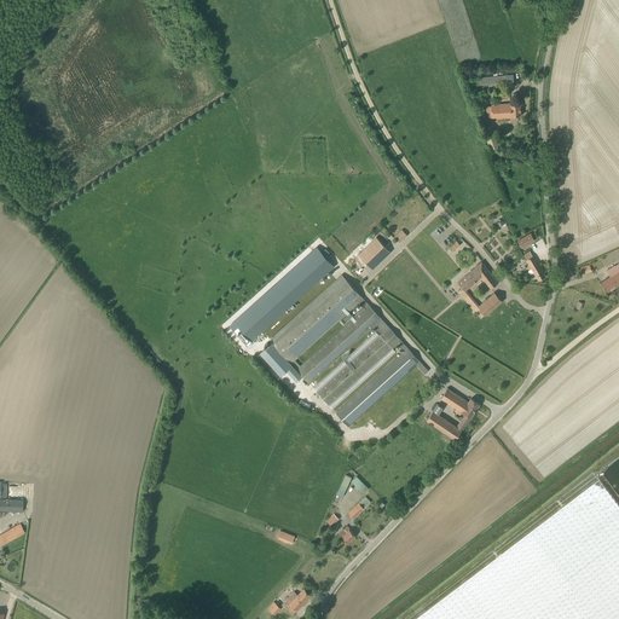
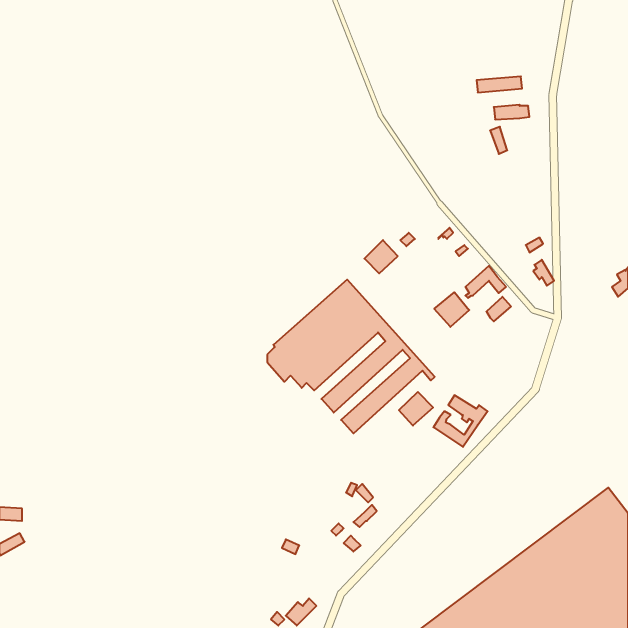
building: [235,250,334,341] -> none
building: none -> [434,292,469,327]
building: none -> [399,392,433,426]

